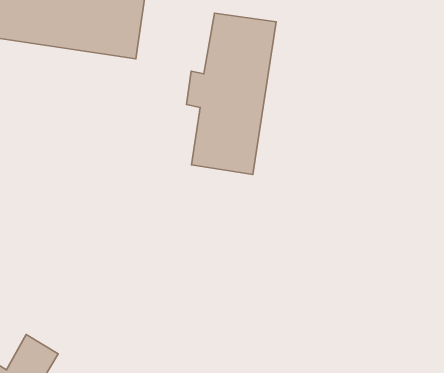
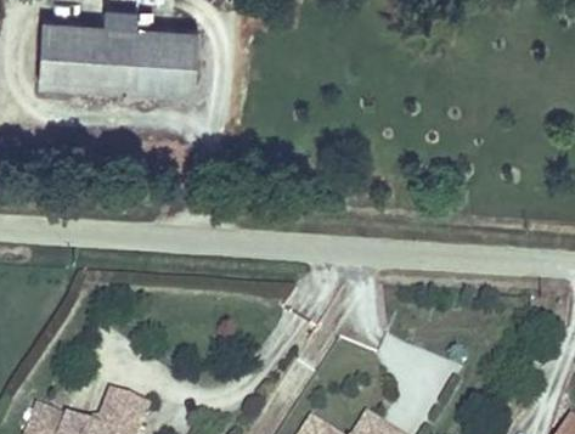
building: [186,13,276,174] -> none

